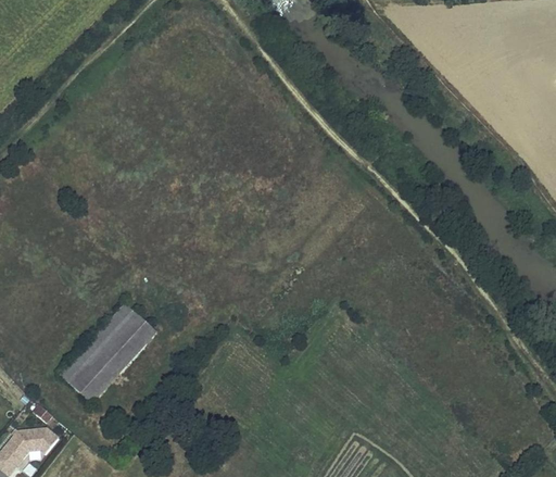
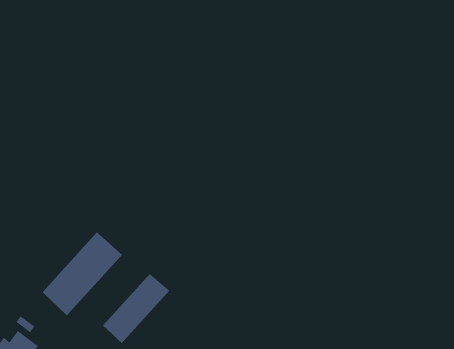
building: none -> [102,273,170,344]

